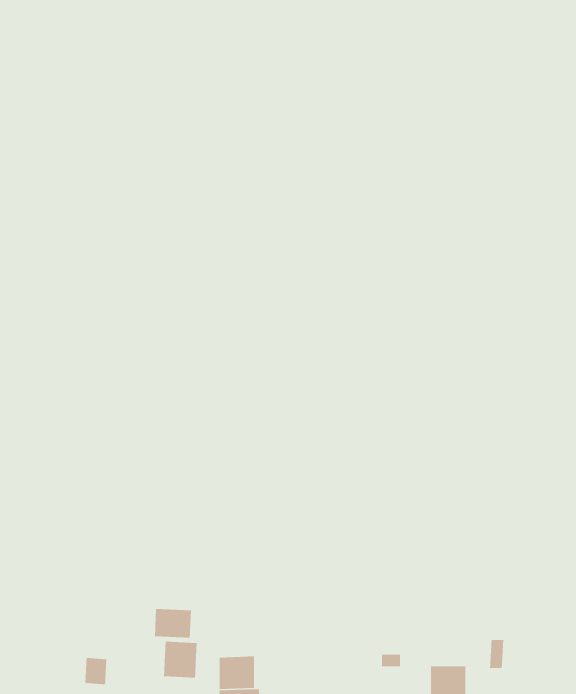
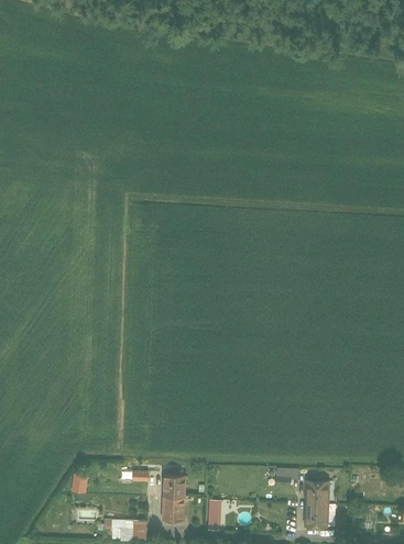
building: [154,608,192,639] -> none

